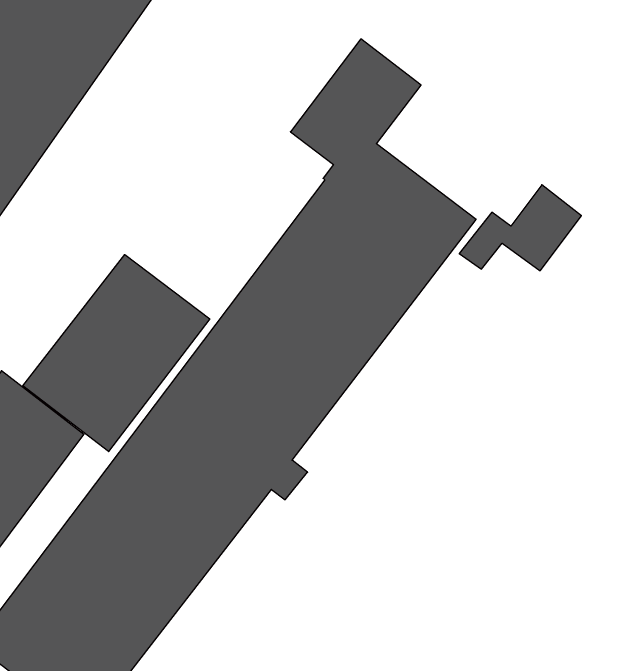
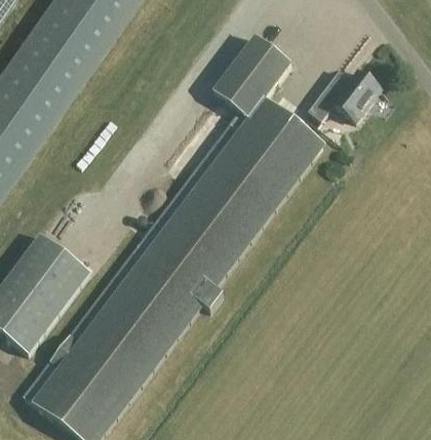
building: [459,185,581,271] -> [309,69,382,120]
building: [23,255,210,452] -> none

